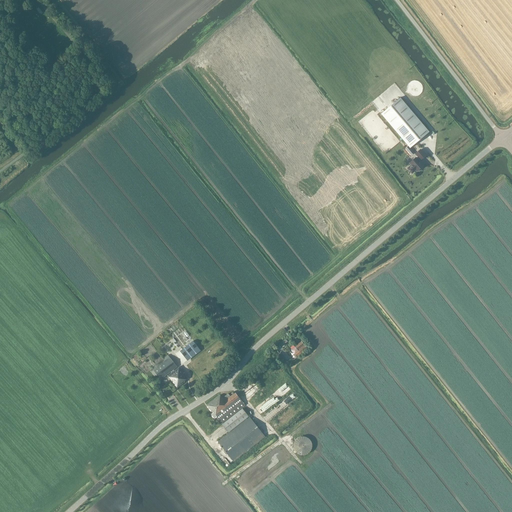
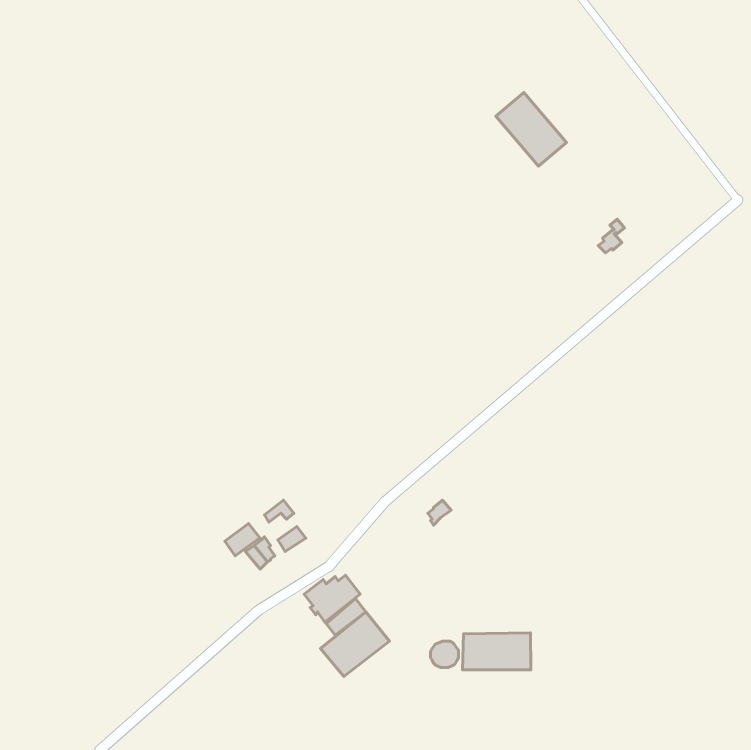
building: [381,97,429,147] -> [496,92,566,166]
building: none -> [463,633,531,670]

